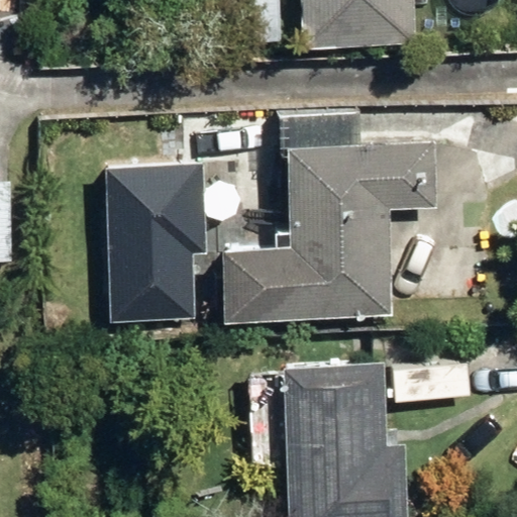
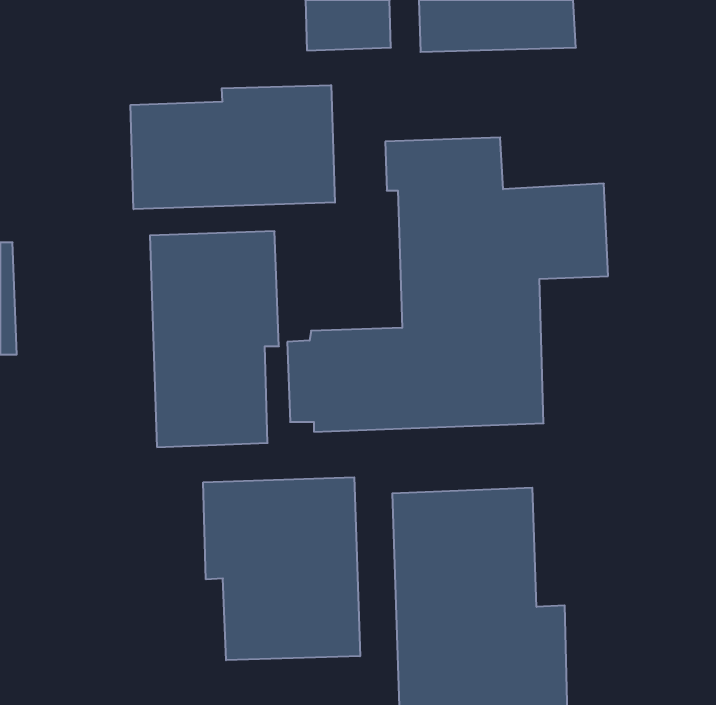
building: none -> [131,85,335,209]
building: none -> [203,477,360,660]

